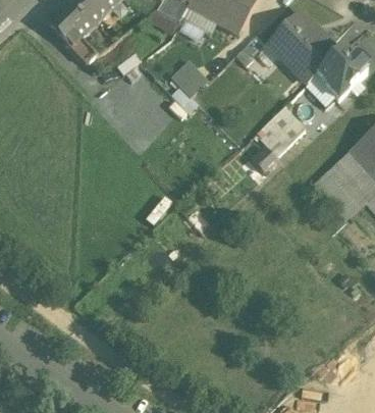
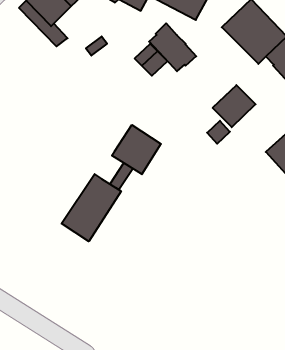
building: none -> [149,23,196,71]
building: none -> [112,125,161,174]
building: none -> [62,174,121,241]

